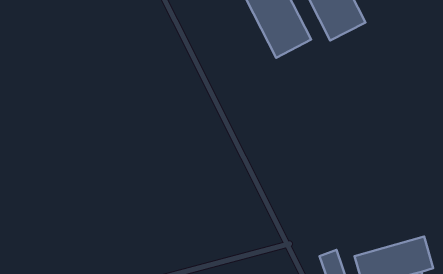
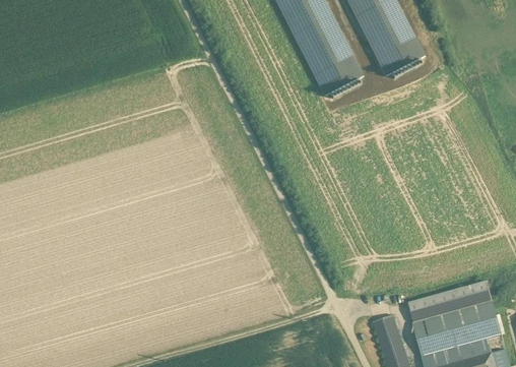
building: none -> [408,279,492,320]

